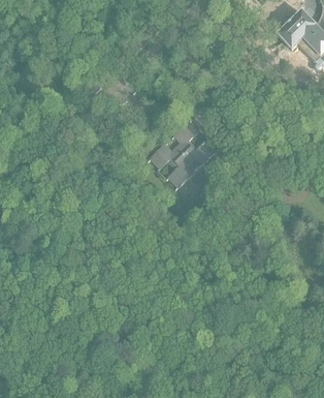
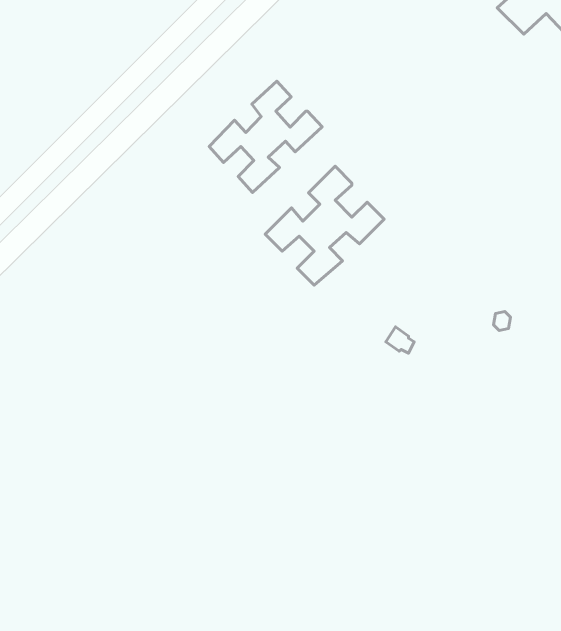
building: none -> [209,81,322,192]

